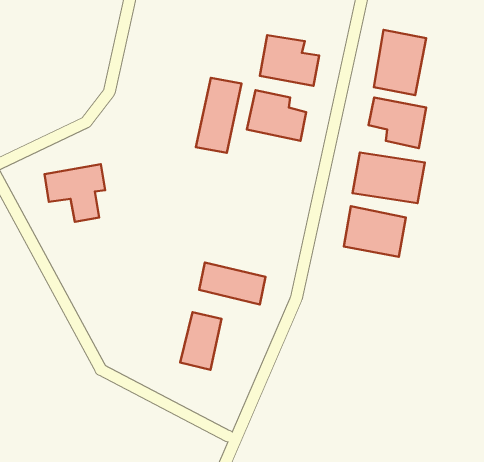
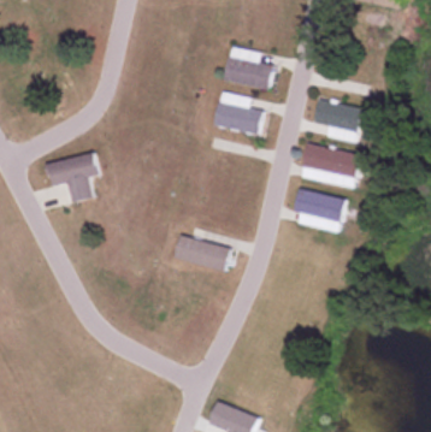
building: [374,30,426,95] -> none
building: [196,78,242,153] -> none
building: [180,312,222,370] -> none

